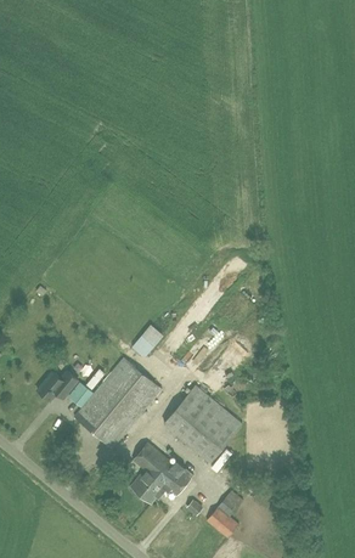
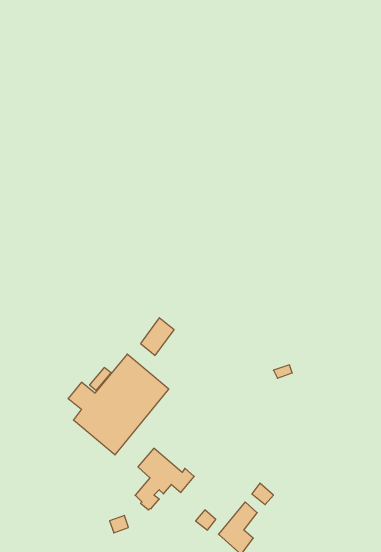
building: [36,371,78,400] -> none
building: [163,385,242,461] -> none
building: [145,468,192,503] -> none

